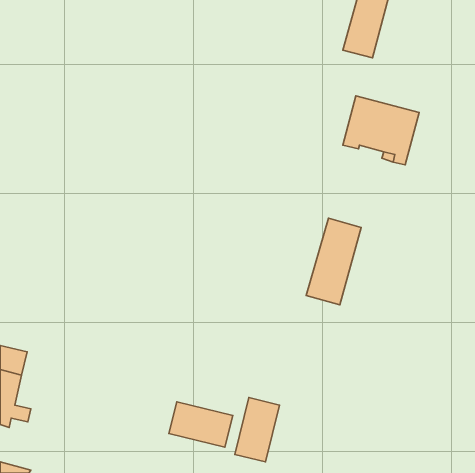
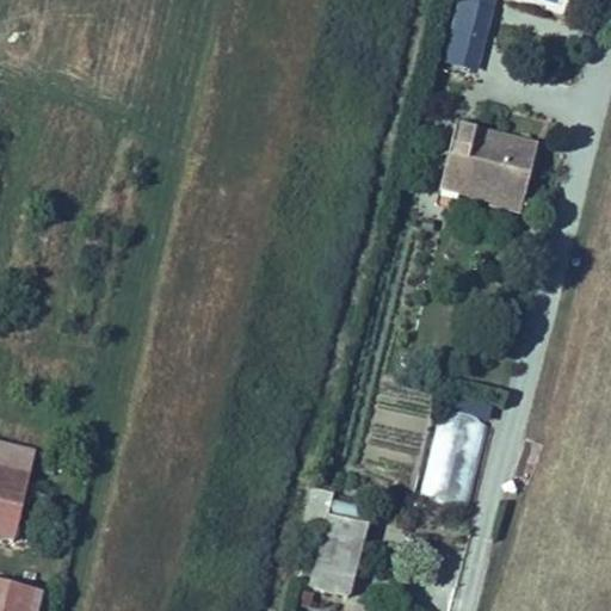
building: [306,218,361,305] -> [420,390,490,501]
building: [169,402,233,447] -> none

